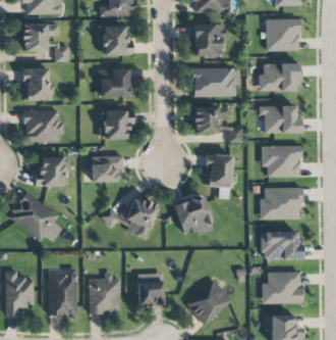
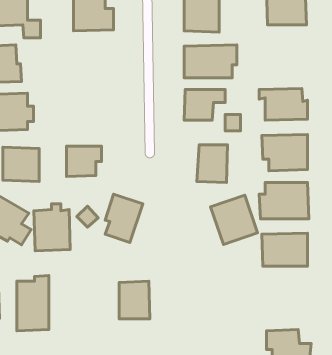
building: [261,62,298,91] -> none
building: [96,67,131,96] -> none
building: [99,109,133,139] -> none
building: [173,195,214,238] -> [211,195,258,244]
building: [261,272,301,303] -> none
building: [89,273,120,313] -> [34,204,70,251]
building: [185,279,231,325] -> none

